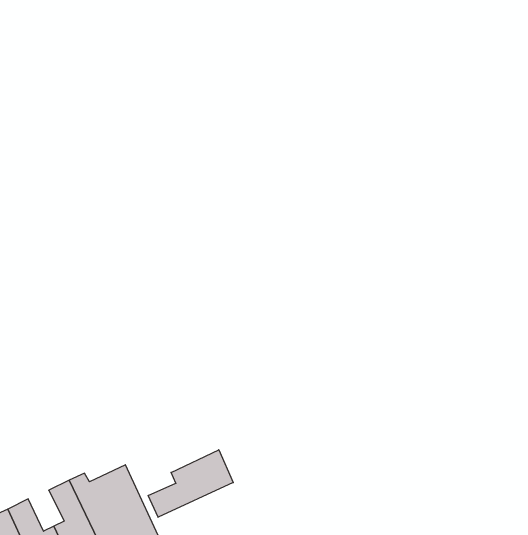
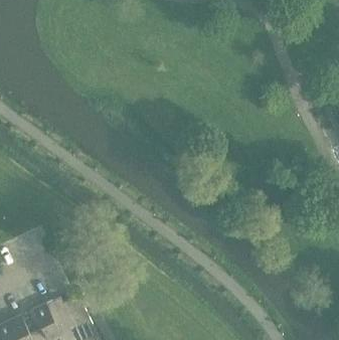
building: [148,450,233,517] -> none

